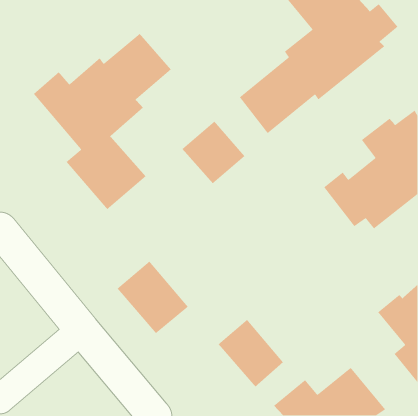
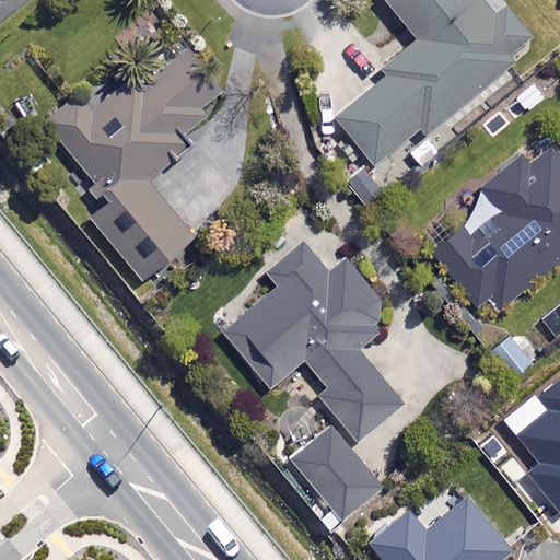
building: [182,120,245,184] -> none
building: none -> [224,242,404,443]
building: [116,260,189,334] -> none

